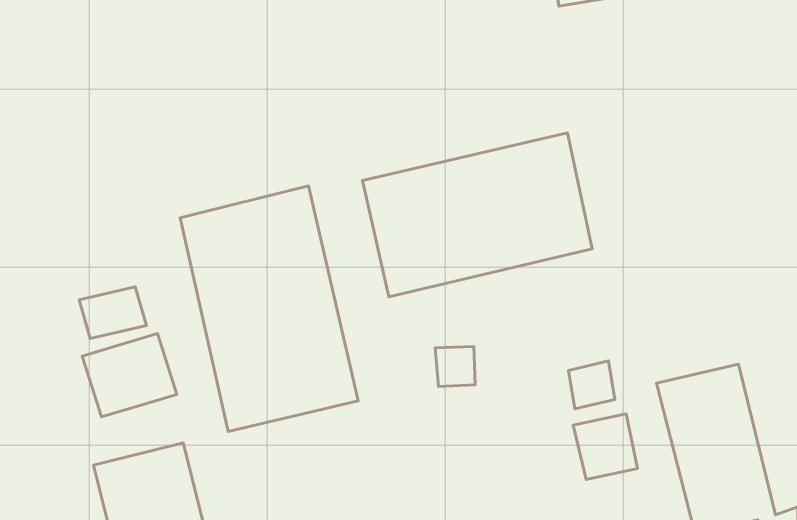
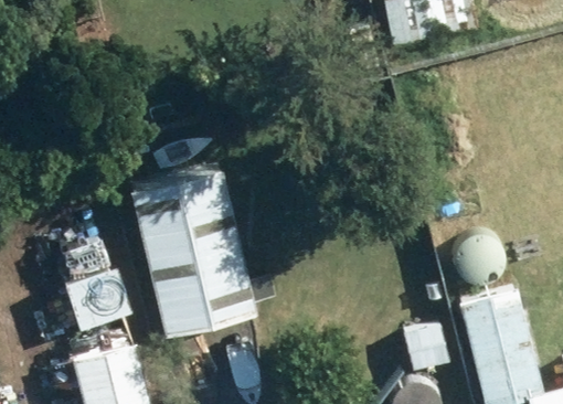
building: [362,133,592,297] -> none

